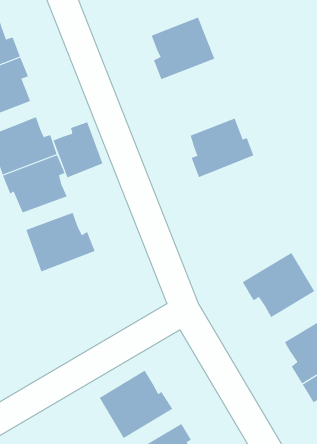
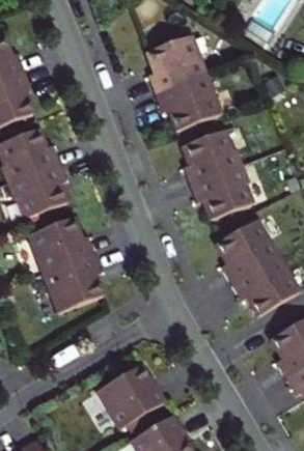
building: none -> [155,74,220,131]
building: [53,121,103,178] -> none
building: none -> [190,164,252,219]
building: none -> [214,218,277,282]
building: none -> [43,253,103,312]

